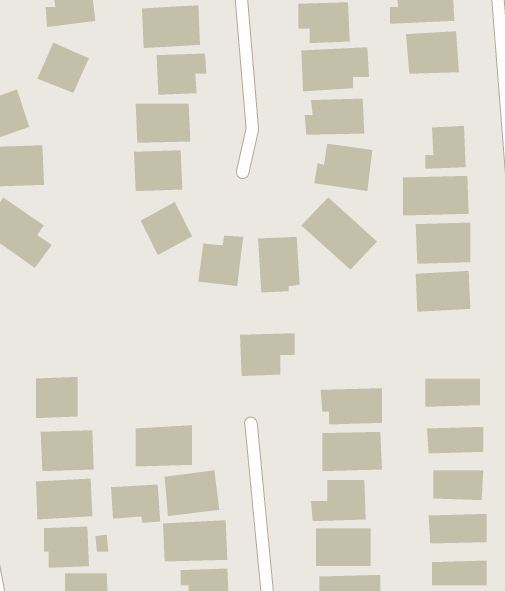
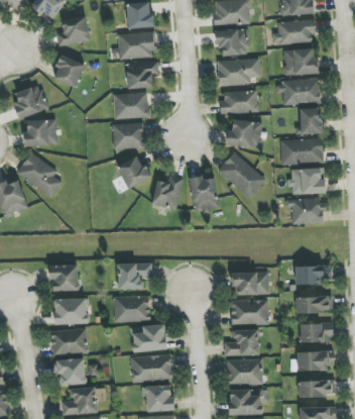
building: none -> [275,79,319,104]
building: [239,333,296,376] -> [116,263,151,290]
building: [111,484,161,524] -> none

